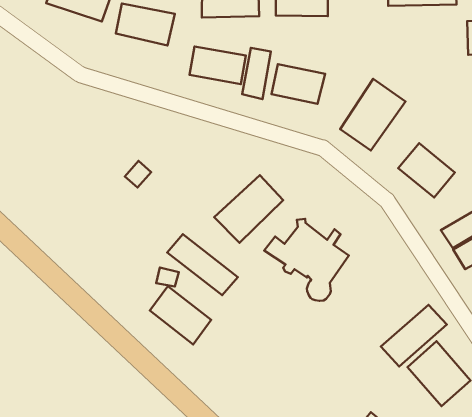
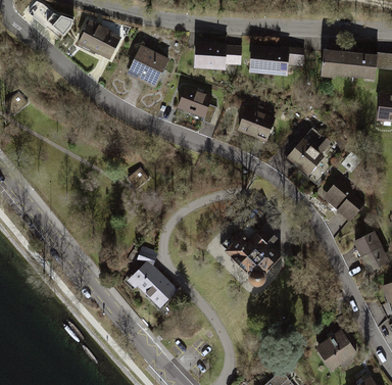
building: [242,48,271,99] -> none
building: [214,175,283,243] -> none
building: [167,234,238,295] -> none
building: [381,305,447,366] -> none

